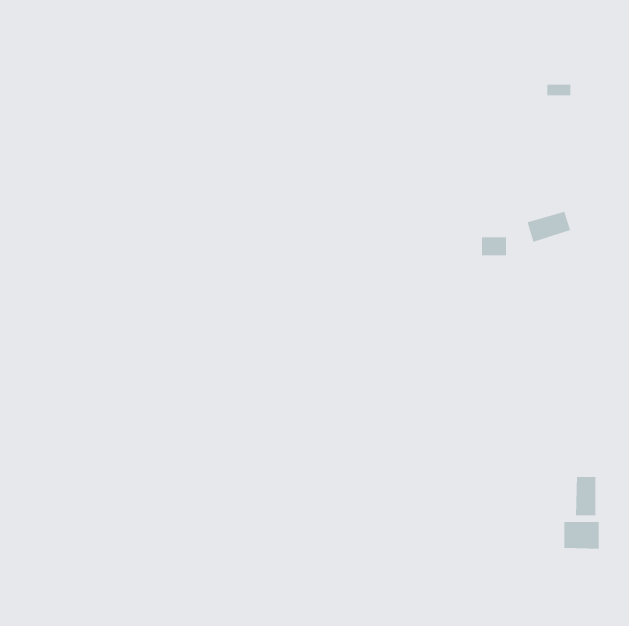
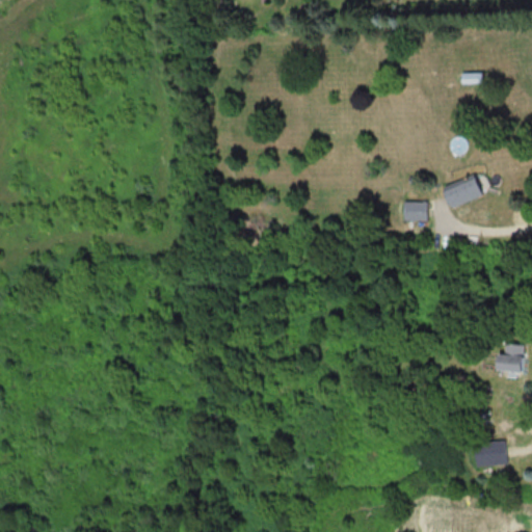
building: none -> [496,345,524,373]
building: [575,476,596,516] -> none

